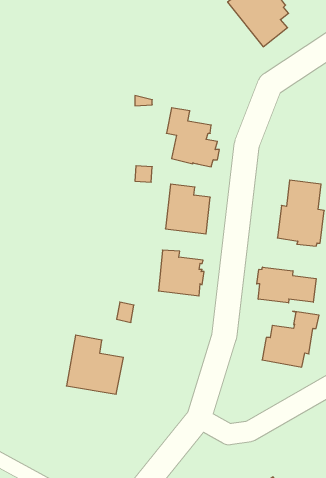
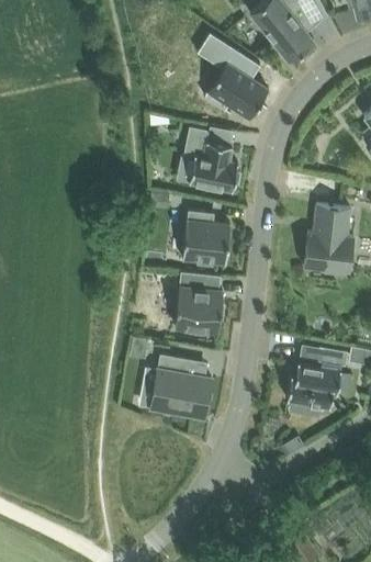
building: none -> [196,33,268,119]
building: [257,267,316,303] -> none
building: [66,335,123,394] -> [150,355,212,418]

